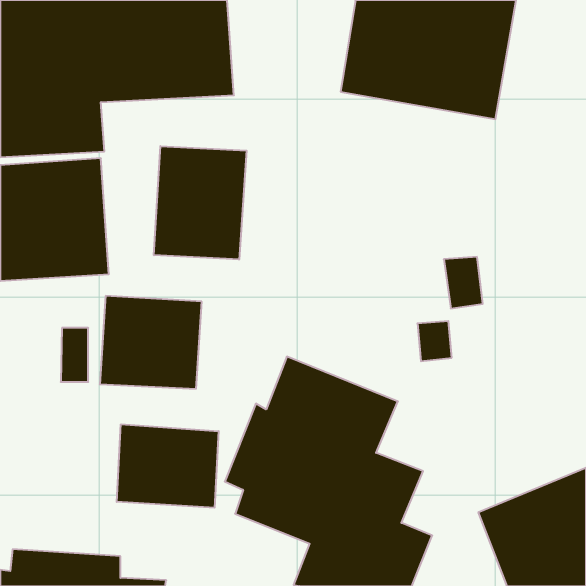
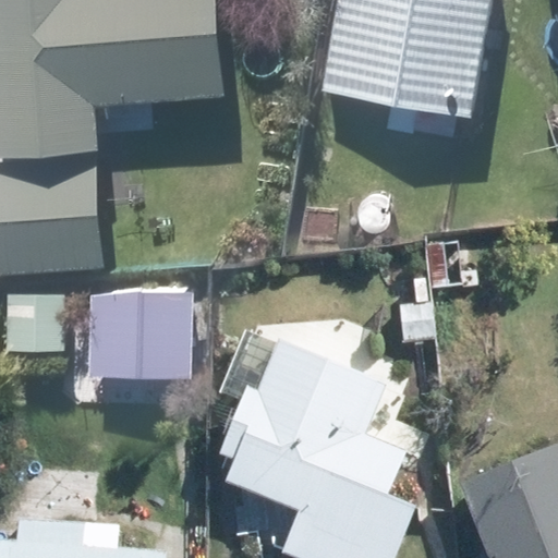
building: [154,146,247,260] -> none
building: [117,424,219,508] -> none

